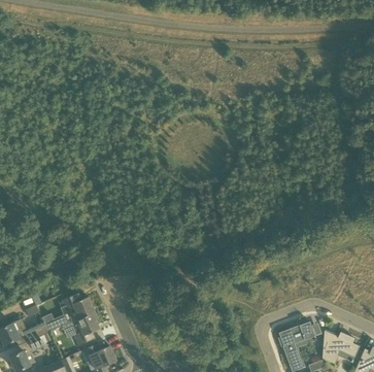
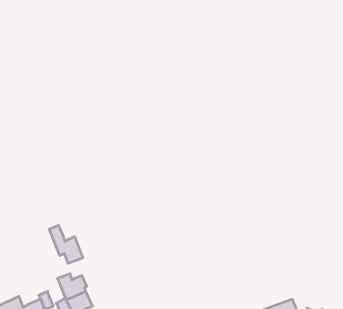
building: none -> [49,225,83,263]

